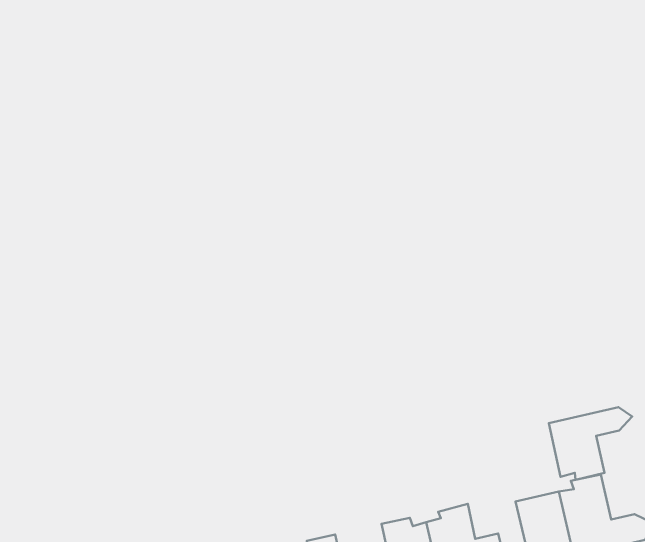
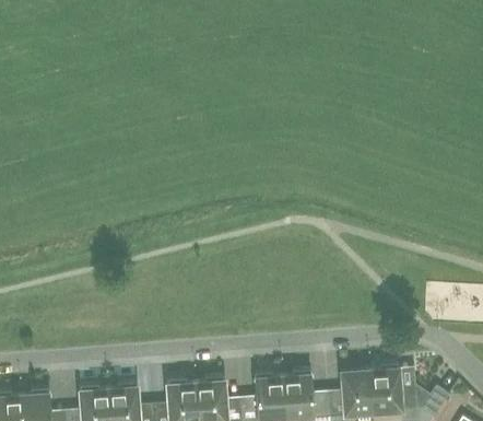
building: [549,407,632,480] -> none

